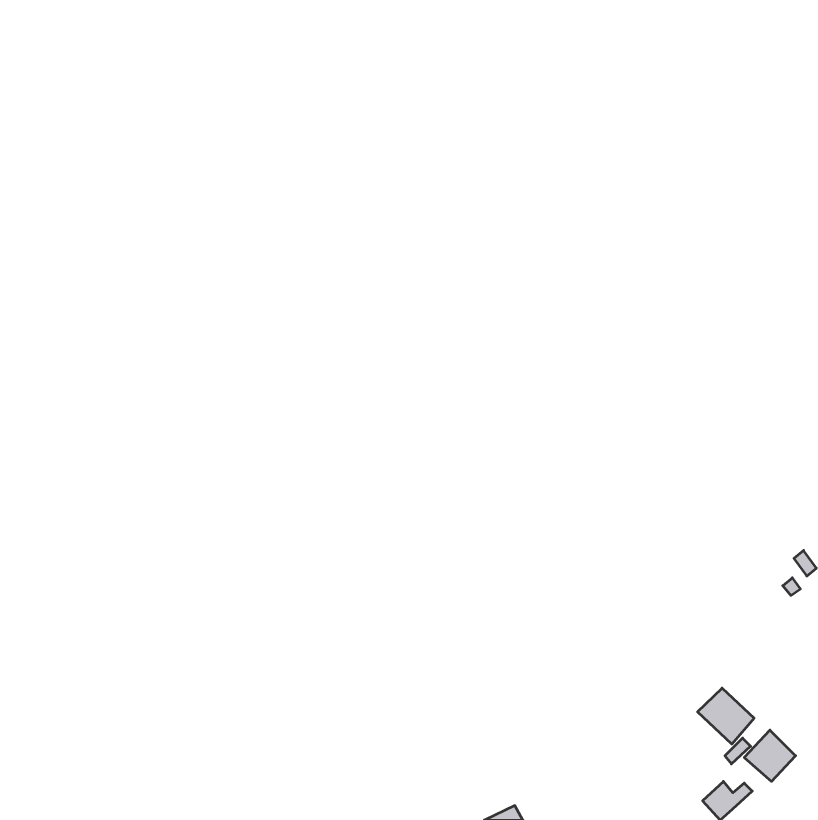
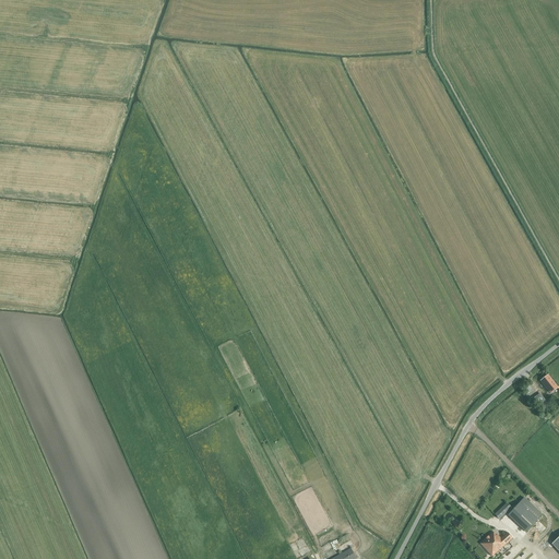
building: [698,688,754,744] -> none

